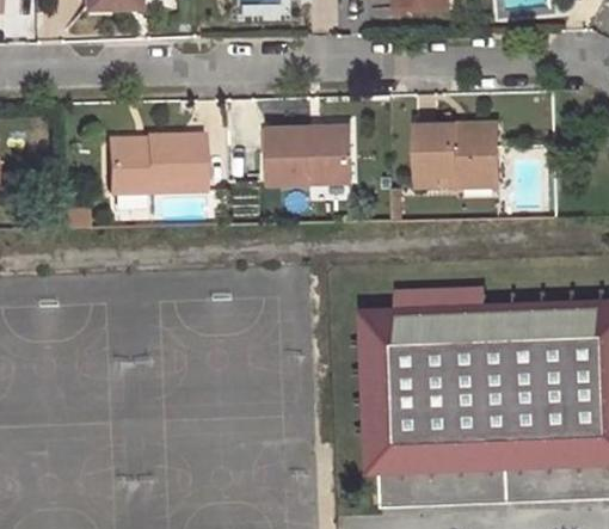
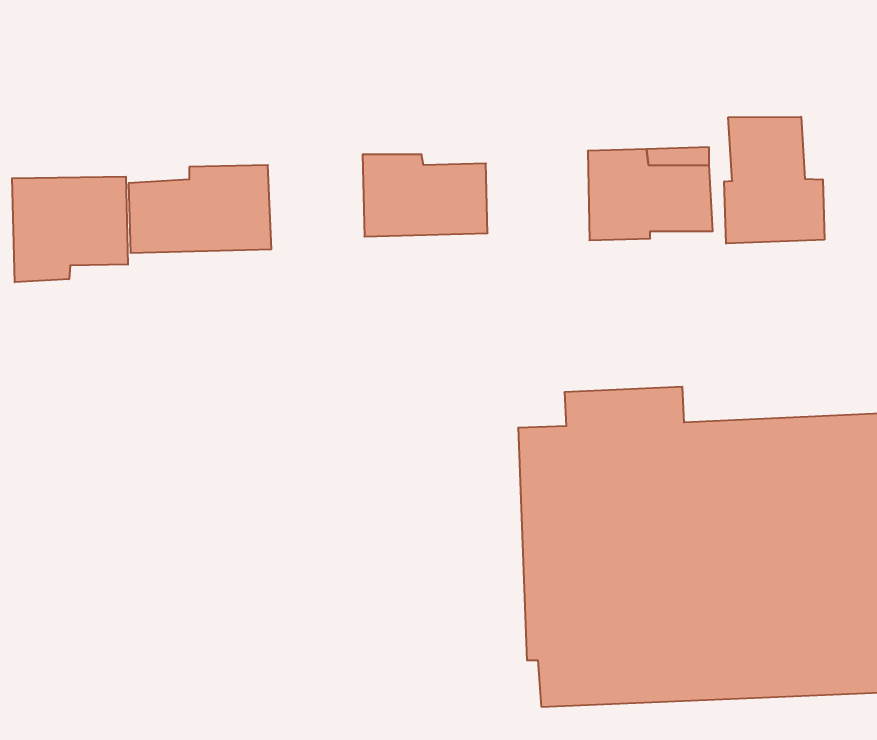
building: none -> [724,117,824,244]
building: none -> [12,177,128,282]

